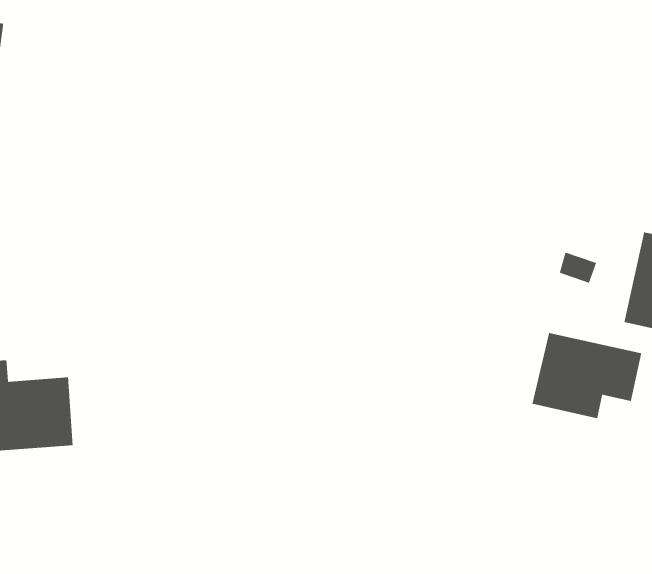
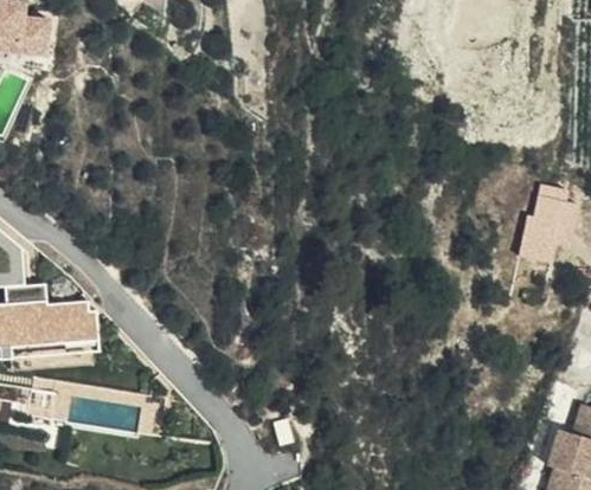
building: [532,332,642,419] -> none

